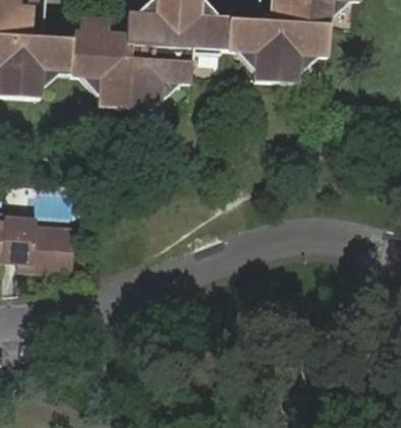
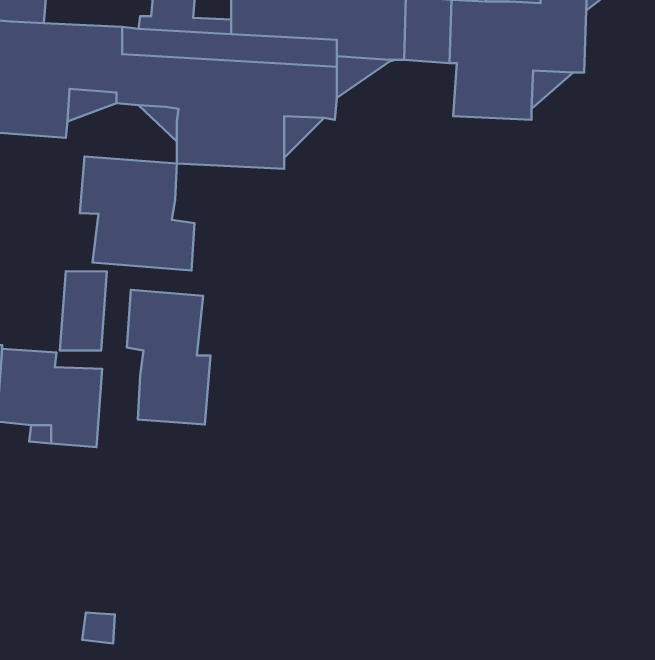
building: none -> [80,156,195,270]
building: none -> [60,271,107,351]
building: none -> [127,290,210,425]

